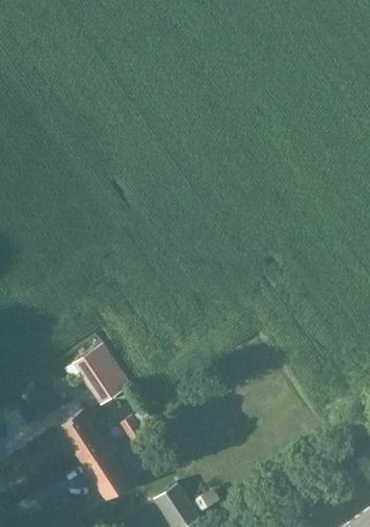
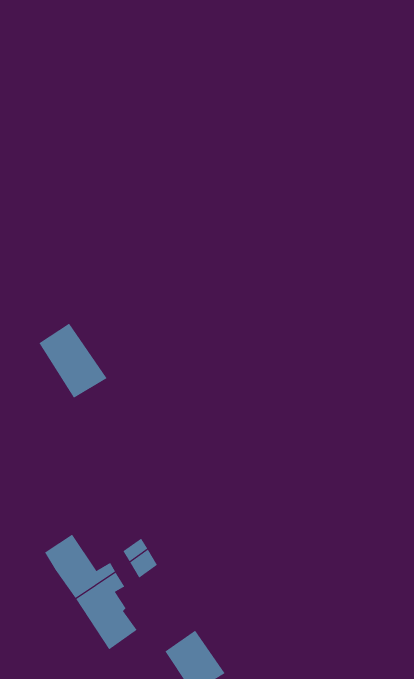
building: [72,347,125,405] -> [38,323,107,399]

